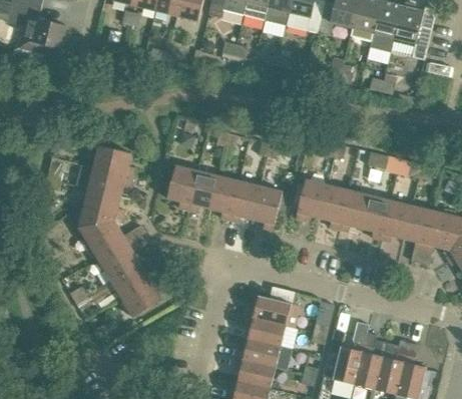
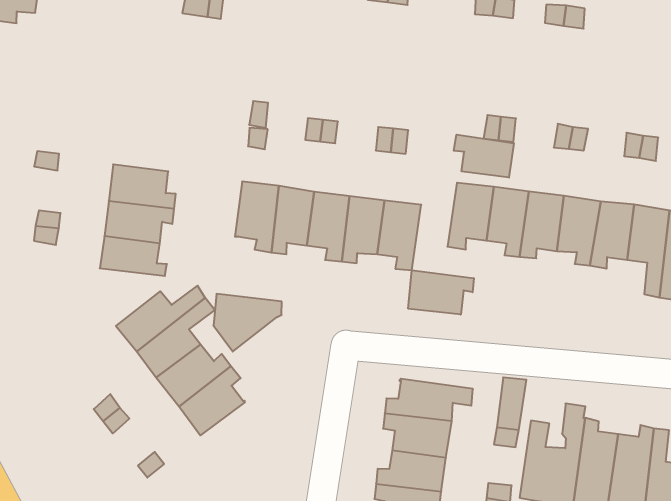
building: none -> [454,135,514,178]
building: [78,208,121,244] -> [213,294,282,352]
building: none -> [408,270,474,315]

